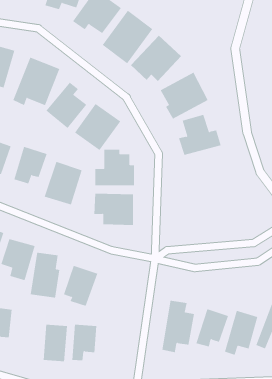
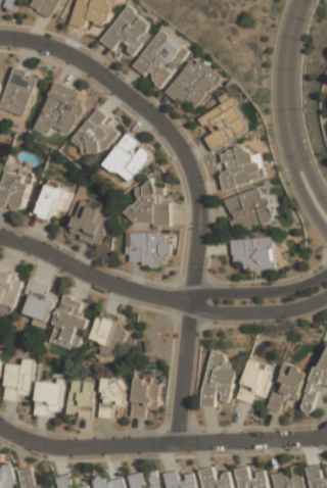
building: none -> [222,187,272,232]
building: none -> [230,236,274,272]
building: none -> [131,378,158,416]
building: none -> [34,381,61,418]

